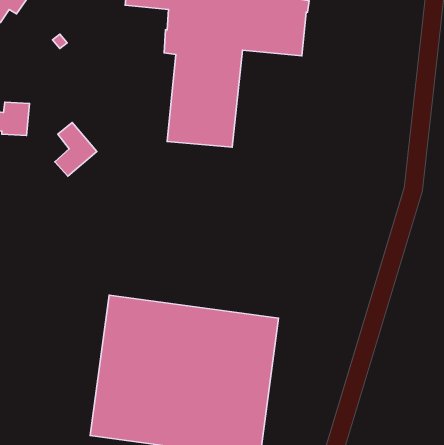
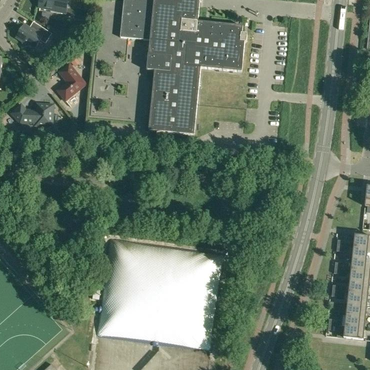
building: [55,123,97,176] -> [56,63,85,100]

